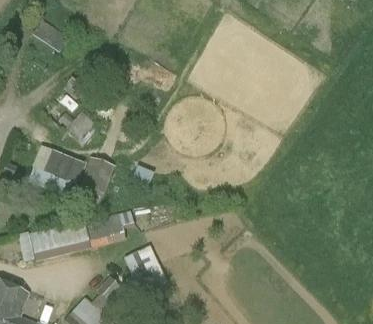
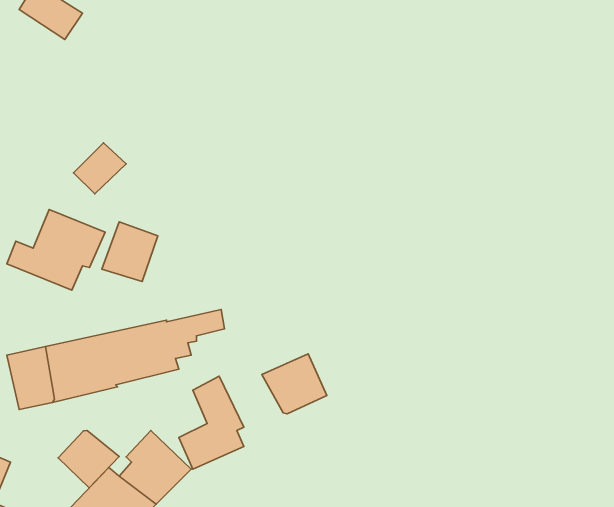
building: none -> [262,354,327,414]
building: none -> [58,430,119,488]

